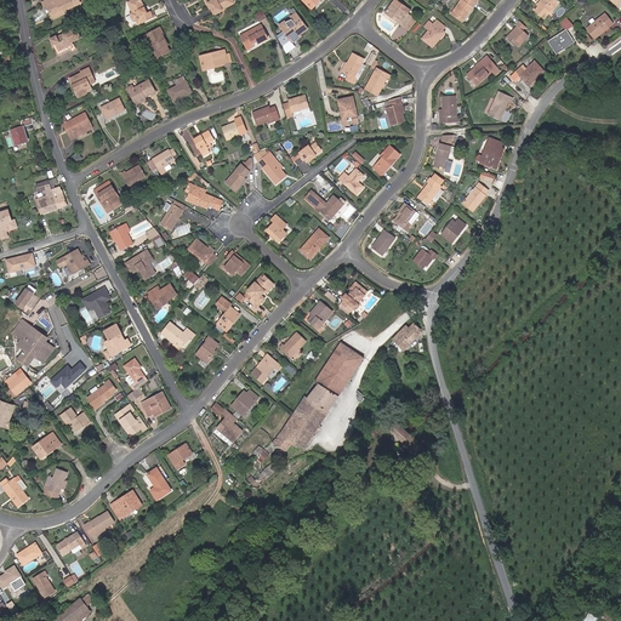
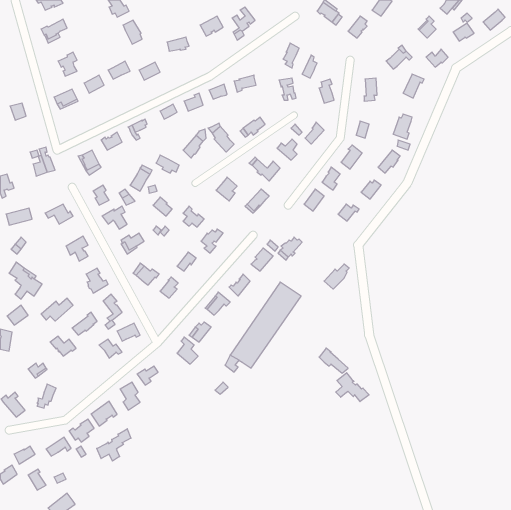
building: none -> [336,373,369,402]
building: none -> [97,429,131,461]

